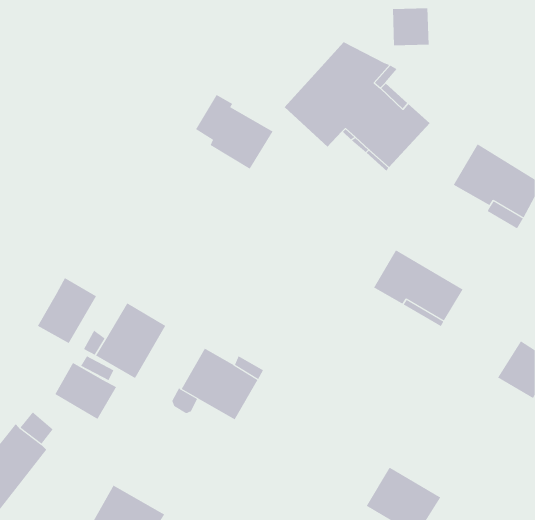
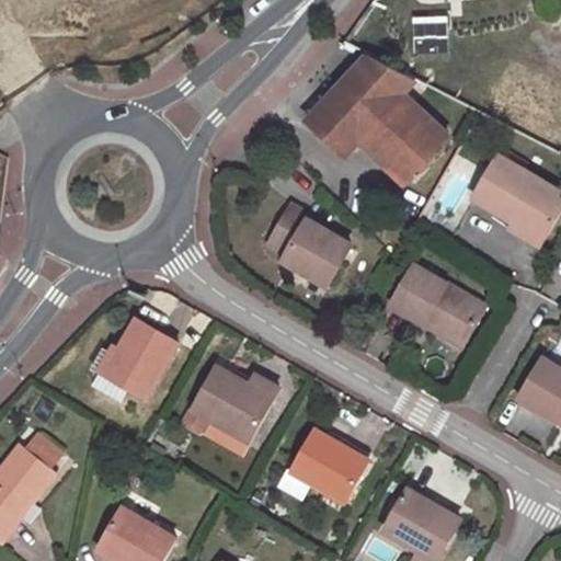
building: [195,94,274,170] -> [268,207,350,285]
building: [37,277,97,344] -> none
building: [54,362,117,420] -> none
building: none -> [291,431,366,501]

